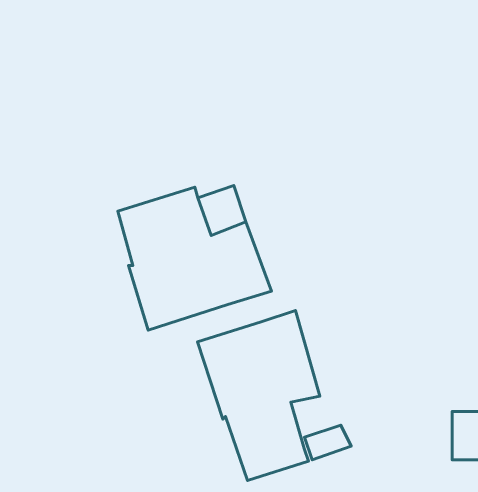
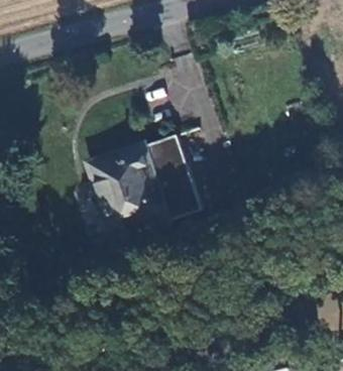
building: [198,311,320,481] -> none

